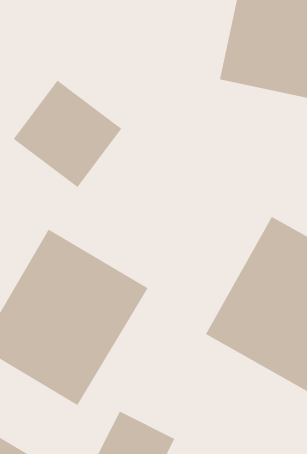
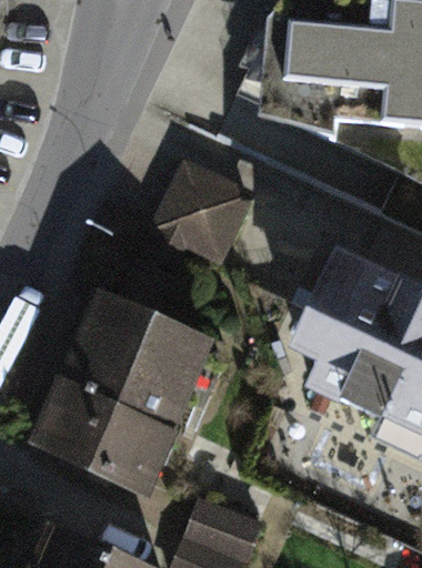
building: [13,80,122,188] -> [149,153,269,270]

